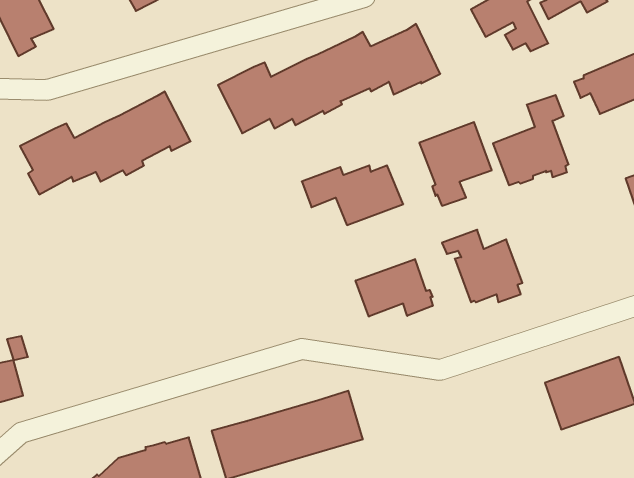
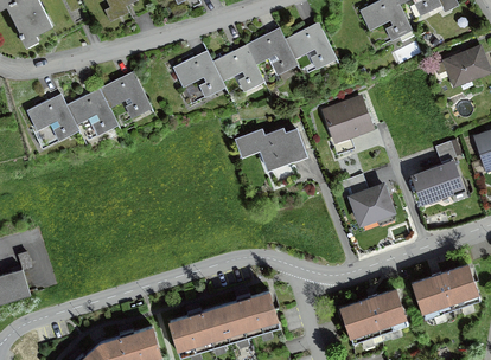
building: [493,95,569,185] -> [409,137,465,204]
building: [356,259,433,317] -> none
building: none -> [340,288,408,342]

